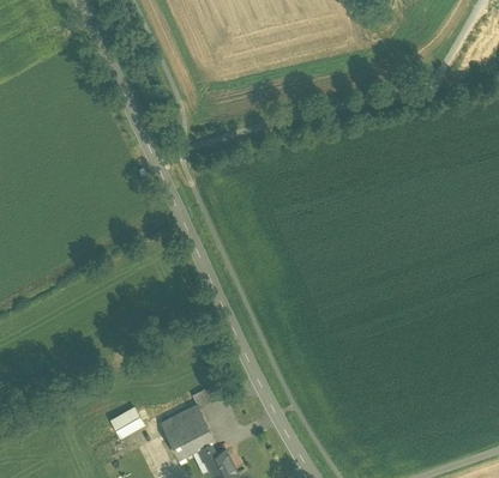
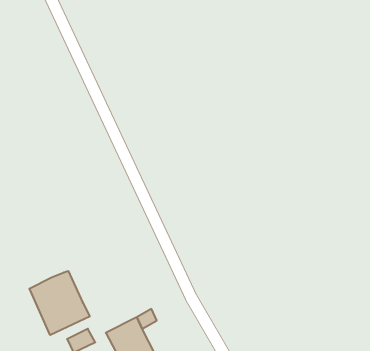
building: none -> [29,271,90,335]

